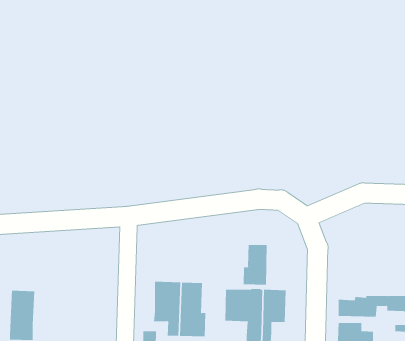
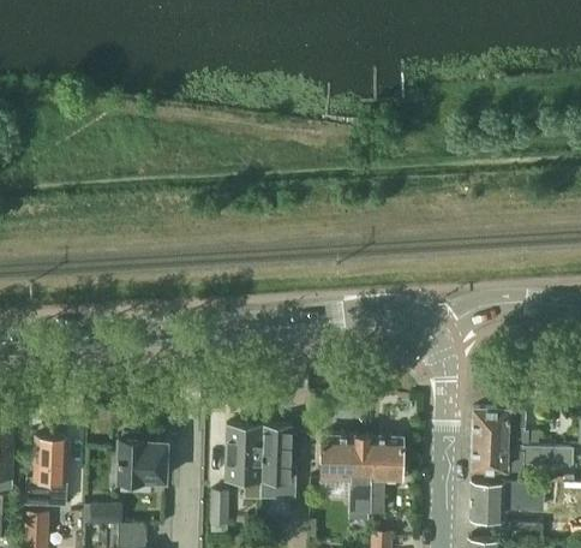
building: [243,244,267,285] -> none
building: none -> [472,410,539,452]
building: none -> [118,440,167,482]

